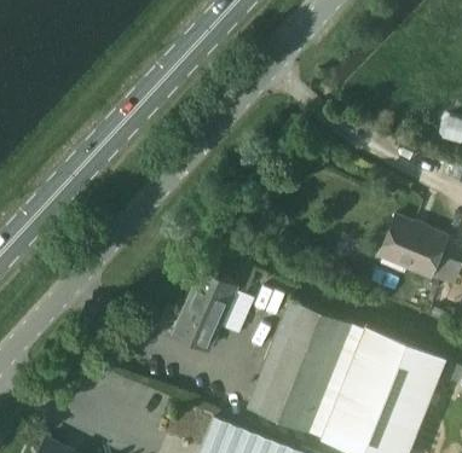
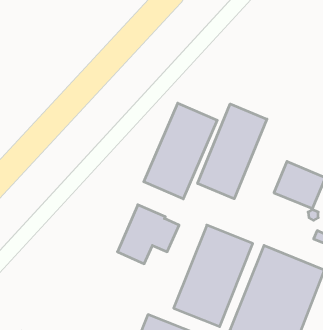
building: none -> [144,103,217,199]
building: none -> [198,104,267,199]

